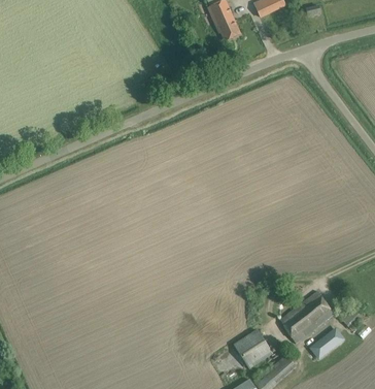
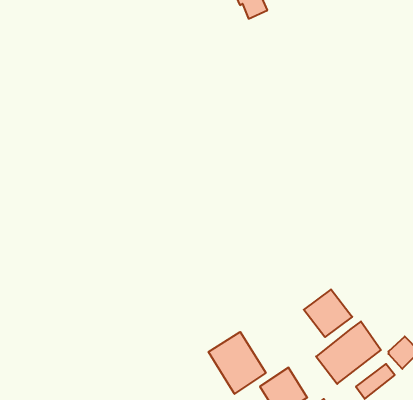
building: none -> [304,289,352,337]
building: none -> [209,332,266,394]

